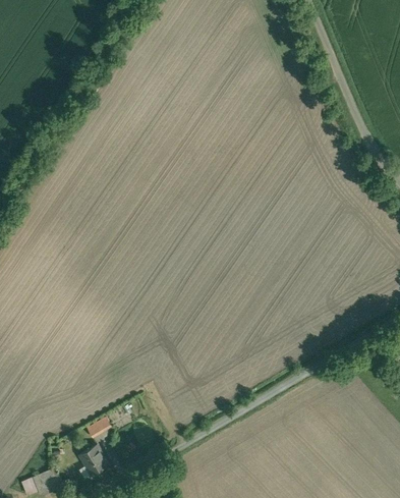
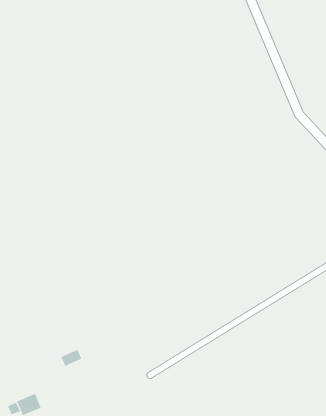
building: [79,445,107,474] -> none

